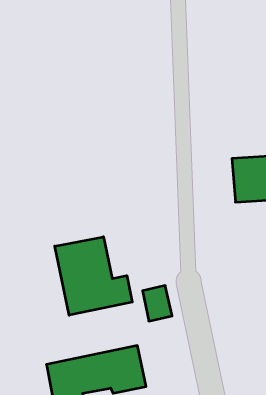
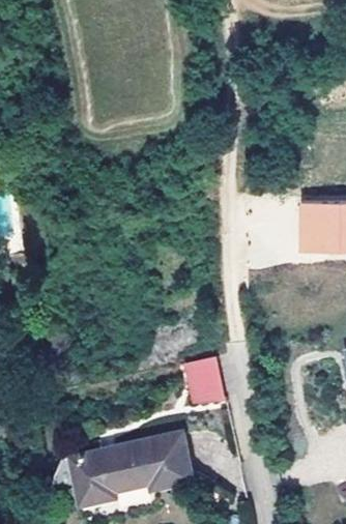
building: [55,237,132,315] -> none

